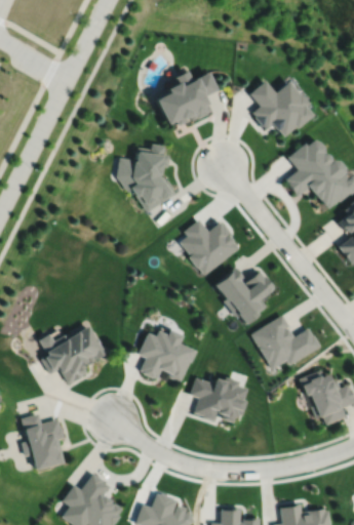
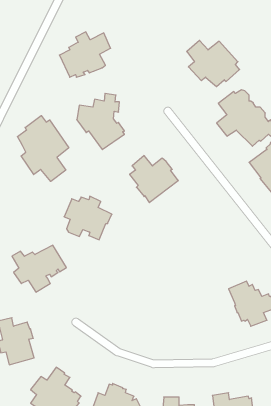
building: [157,71,219,125] -> [59,32,111,77]
building: none -> [17,116,69,181]
building: [215,268,275,324] -> none
building: [252,315,321,369] -> none
building: [139,330,196,382] -> [64,196,112,240]
building: [191,377,247,422] -> none

